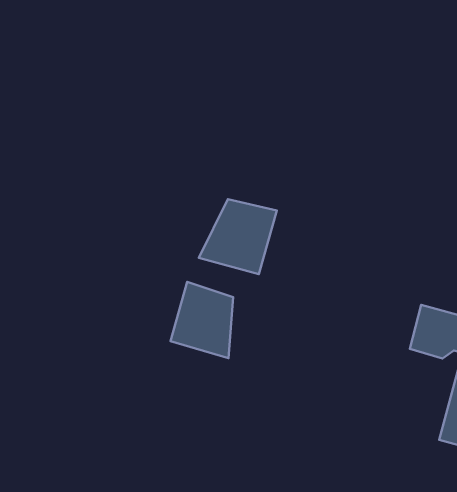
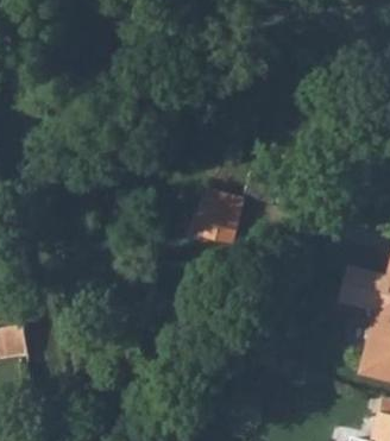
building: [171,282,233,358] -> none

